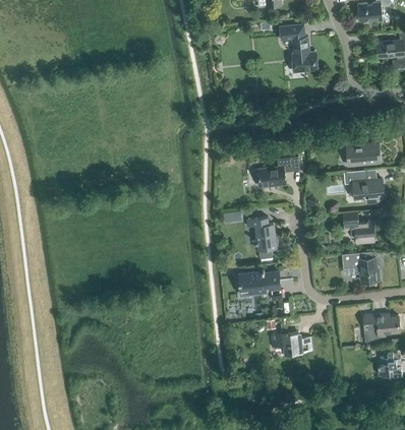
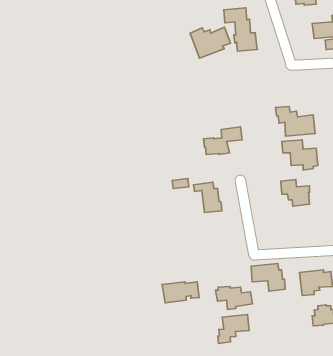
building: none -> [190,27,230,58]
building: [342,251,380,282] -> [251,263,285,291]
building: [239,270,280,294] -> [162,282,199,303]
building: none -> [218,314,249,343]

